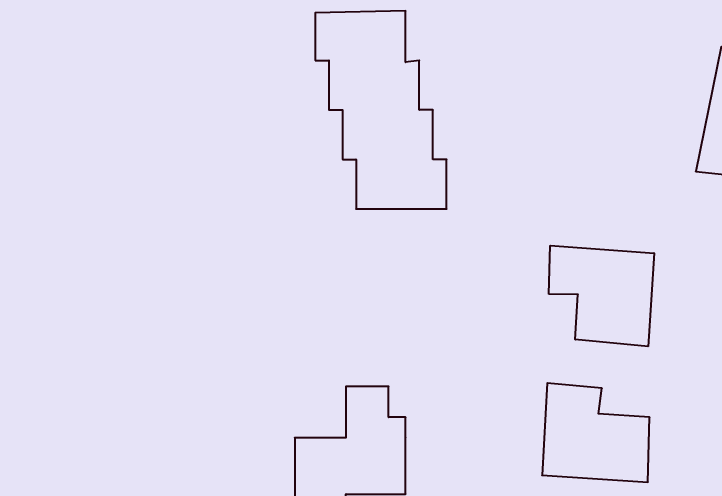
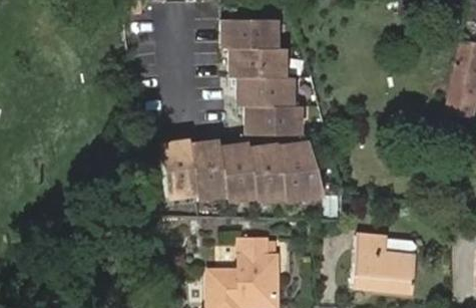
building: none -> [164,142,325,200]
building: [549,246,654,346] -> none

